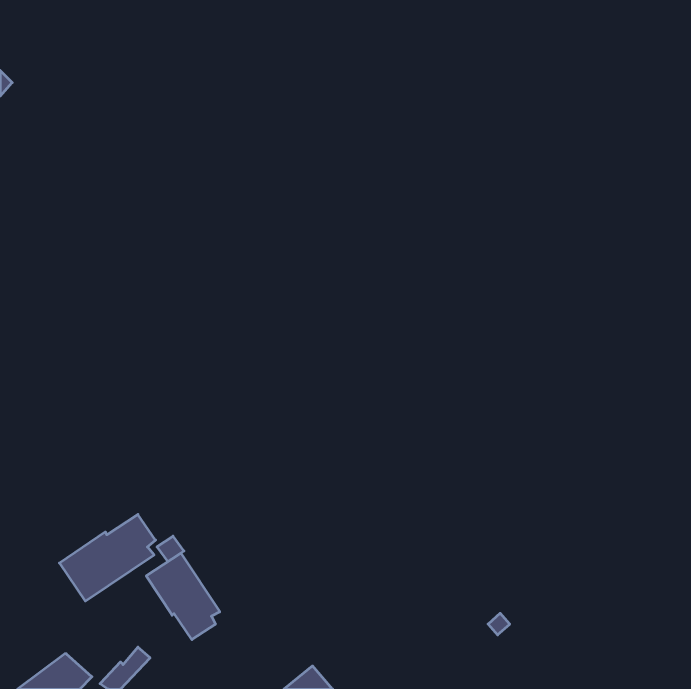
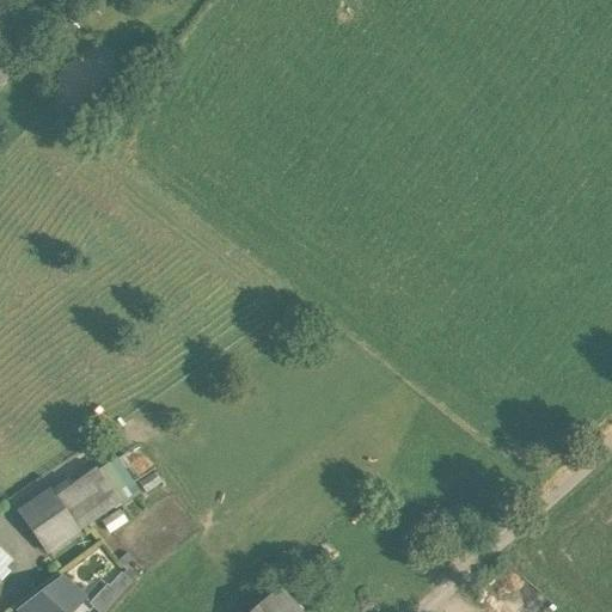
building: [146,553,220,640] -> none
building: none -> [18,492,75,552]

